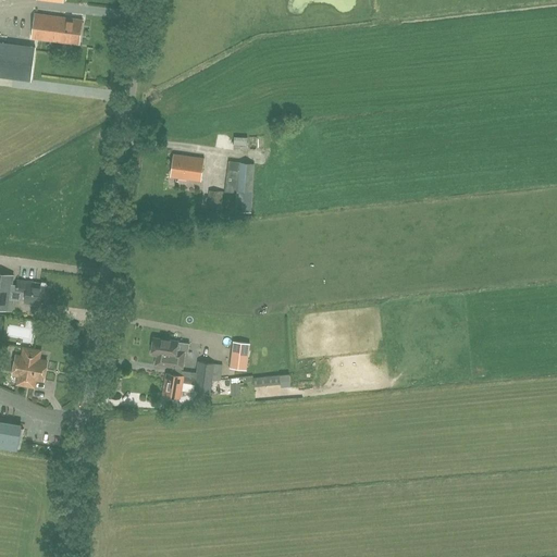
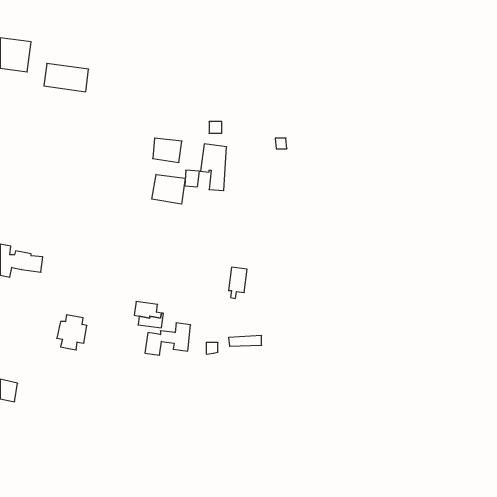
building: [32,13,82,45] -> [44,63,89,92]
building: none -> [152,174,185,204]
building: [230,342,250,376] -> [229,267,247,298]
building: [12,348,46,387] -> [57,315,87,350]

